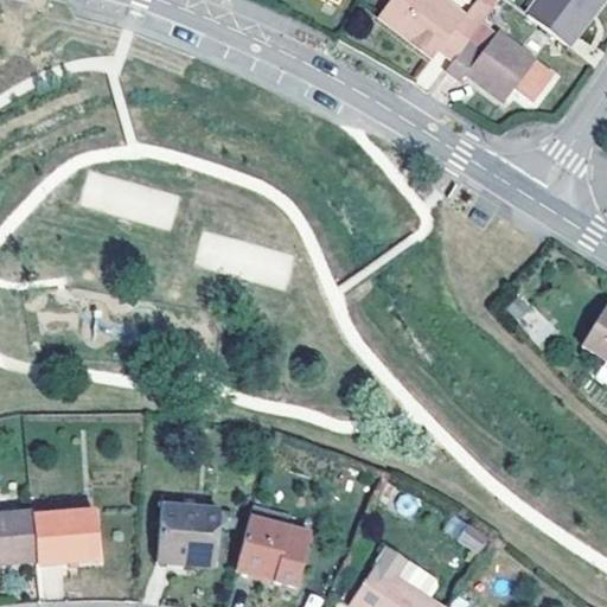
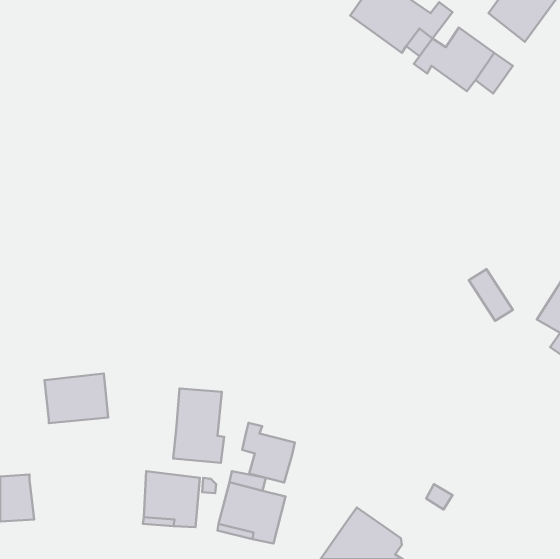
building: none -> [173,388,224,463]
building: none -> [242,423,295,482]
building: [33,511,102,564] -> [45,374,108,423]

